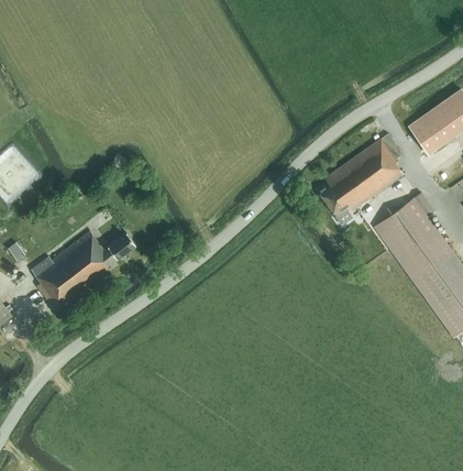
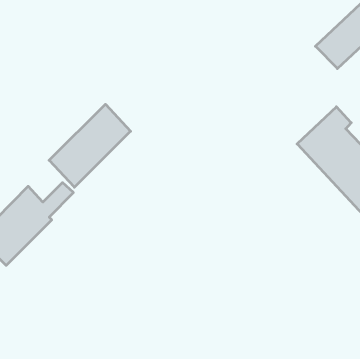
building: [316,134,401,217] -> none
building: none -> [49,104,131,187]

